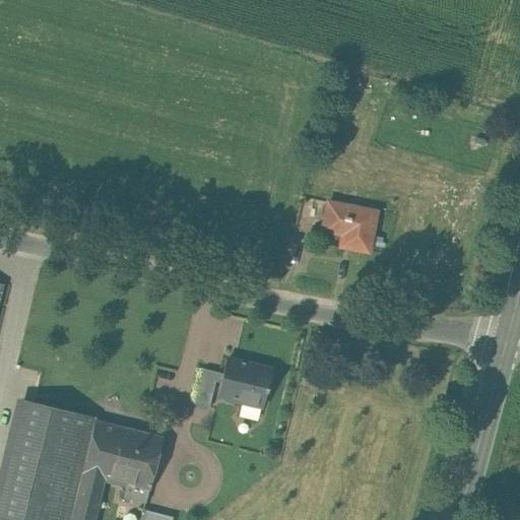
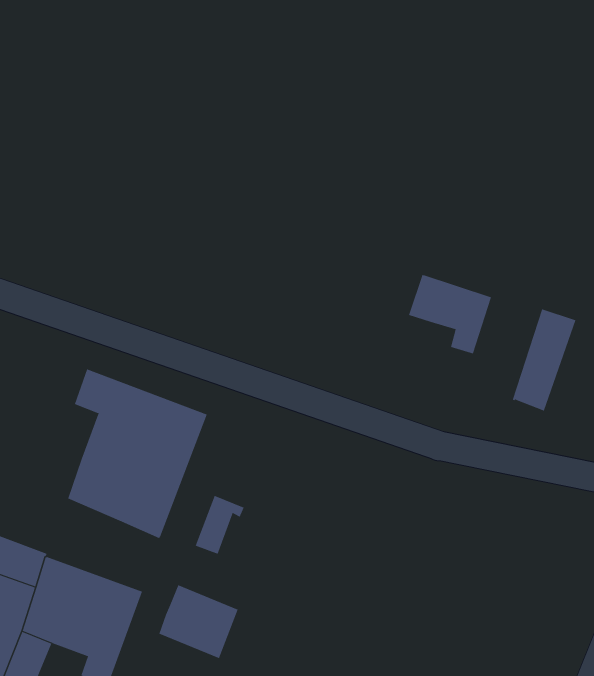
building: none -> [512,309,576,412]
building: none -> [68,369,207,539]
building: [218,359,270,405] -> [159,585,238,659]

